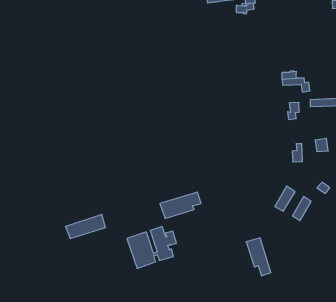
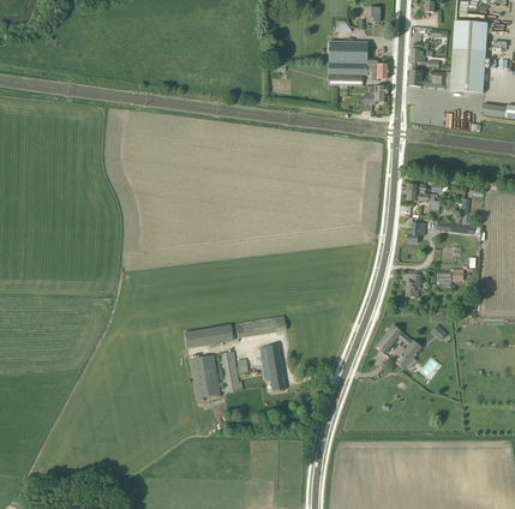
building: [65,214,106,239] -> [184,323,233,347]
building: [246,238,271,276] -> [259,345,285,391]

